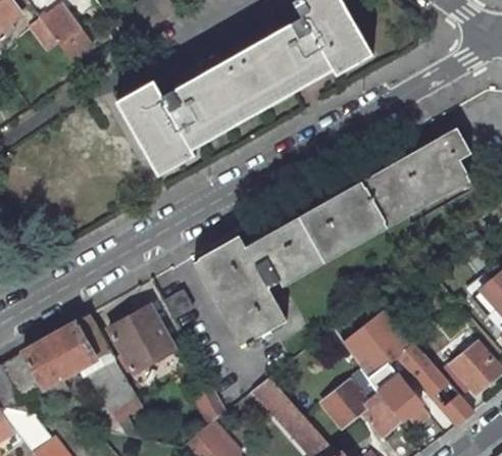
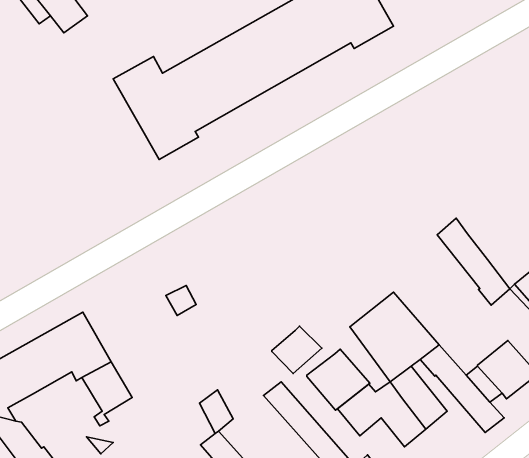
building: [198,128,471,346] -> none
building: none -> [437,218,510,305]
building: [109,305,174,371] -> none
building: none -> [272,326,322,374]
building: none -> [307,349,370,410]

